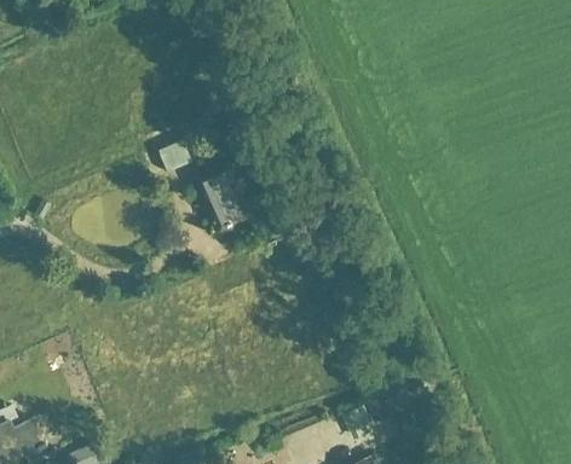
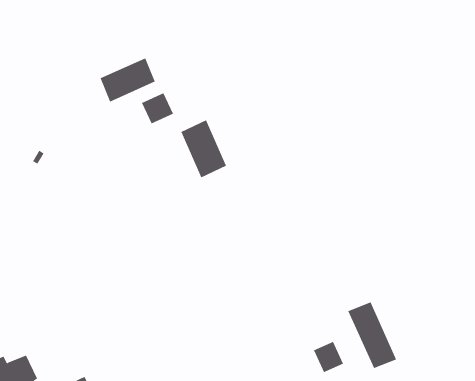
building: none -> [100,57,155,102]
building: none -> [348,302,397,369]

